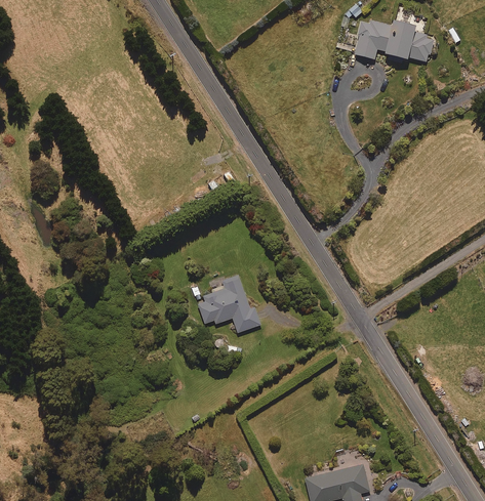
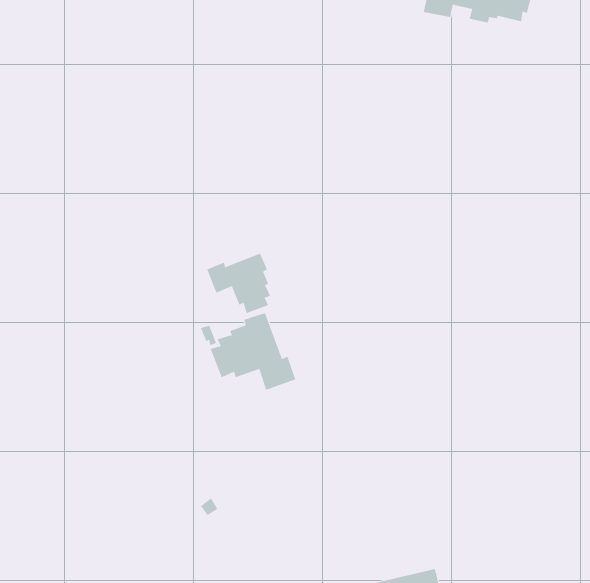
building: none -> [207,253,271,314]

